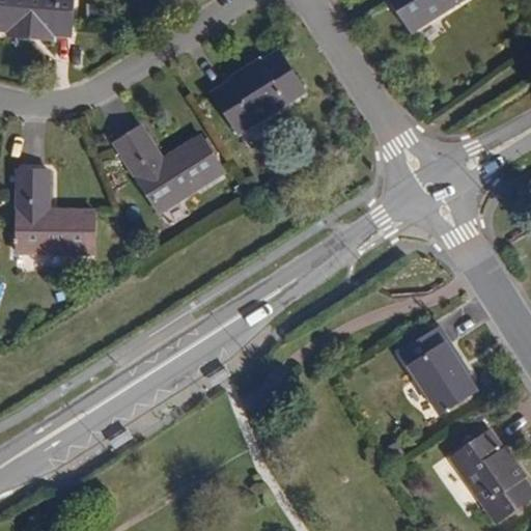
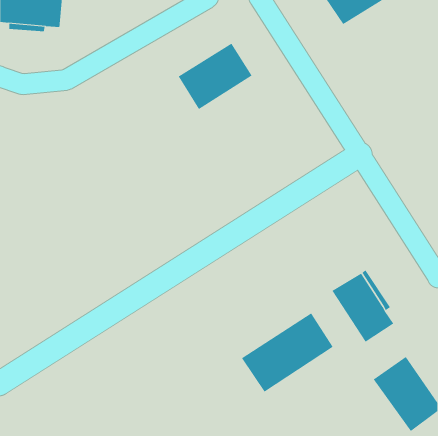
building: [113,130,219,214] -> none
building: [18,169,93,251] -> none
building: none -> [241,313,334,393]

